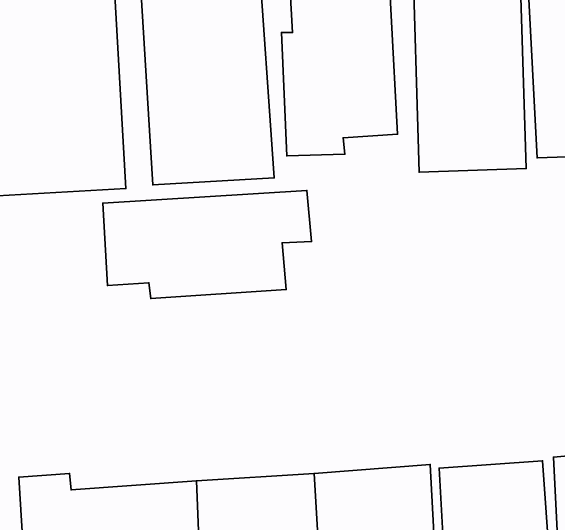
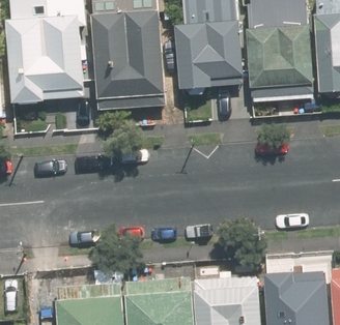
building: [103,190,311,298] -> none

